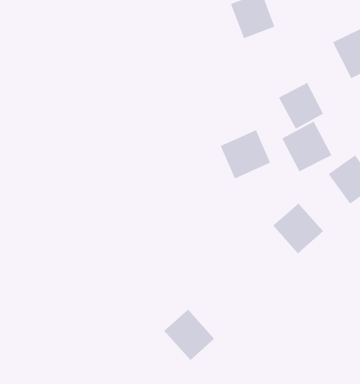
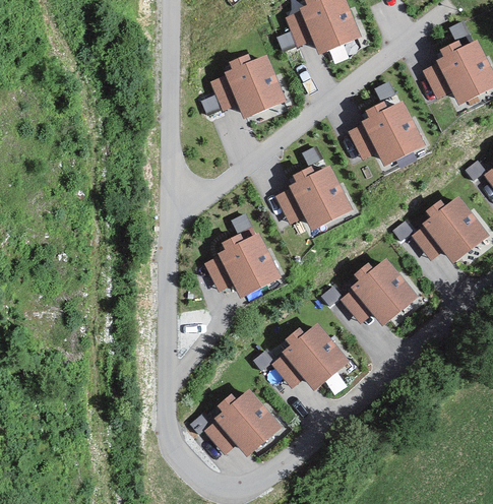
building: none -> [226,51,291,113]
building: [282,121,332,172] -> none
building: none -> [219,230,281,292]
building: none -> [279,321,346,390]

